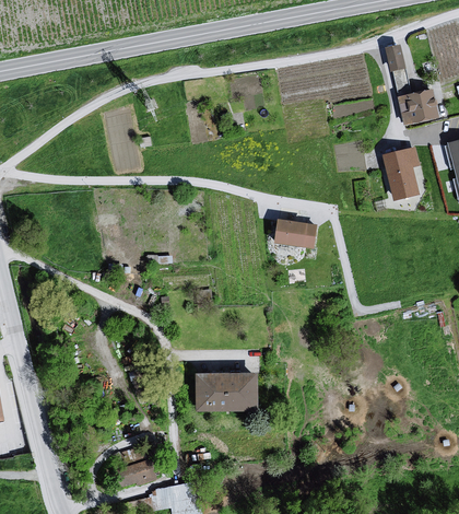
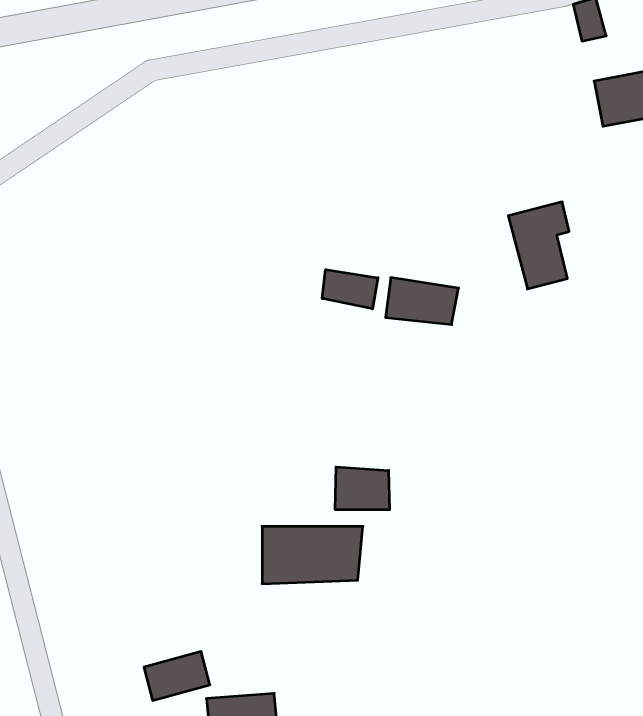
building: [382,145,421,200] -> [508,202,569,289]
building: none -> [322,270,378,309]
building: none -> [335,467,390,510]

